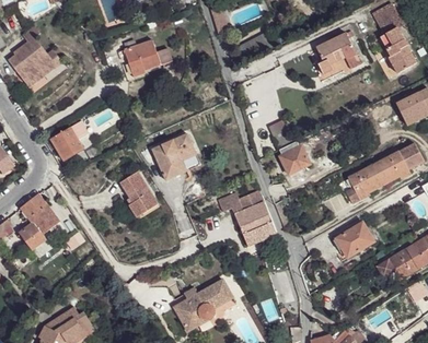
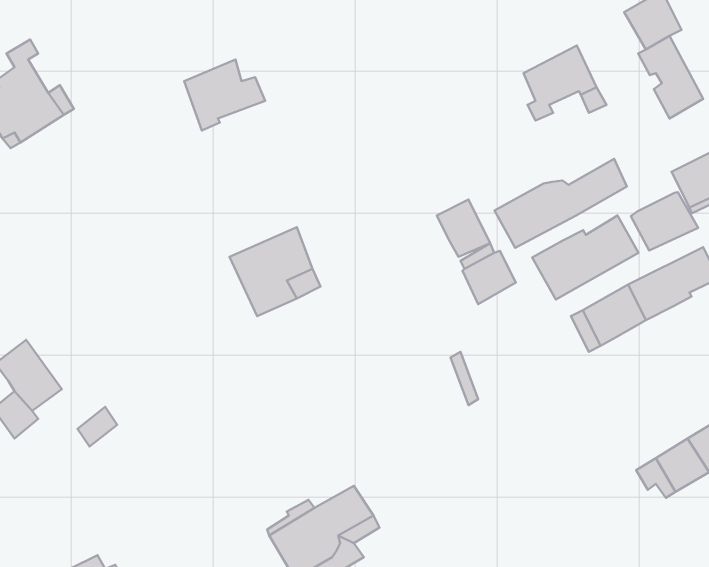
building: none -> [494,159,627,248]
building: none -> [631,192,698,250]
building: none -> [532,216,639,300]
building: [51,127,83,159] -> none
building: [119,172,159,213] -> none
building: [218,190,277,246] -> none
building: [335,222,372,257] -> none

